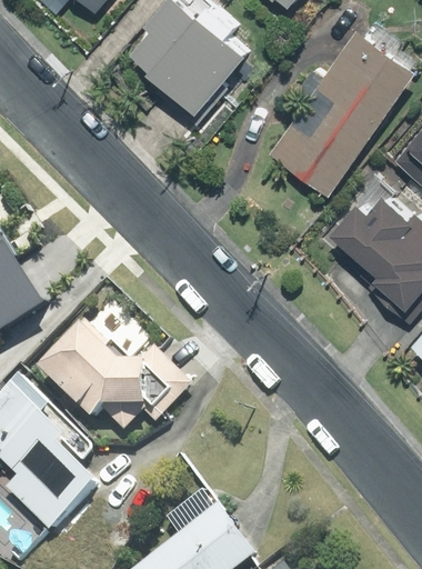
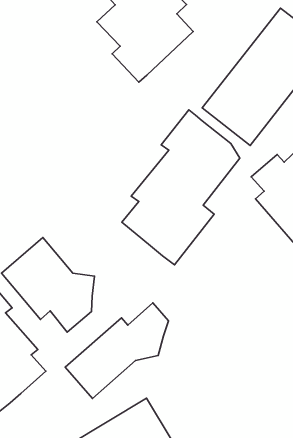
building: none -> [122,110,240,265]
building: none -> [65,303,169,399]

